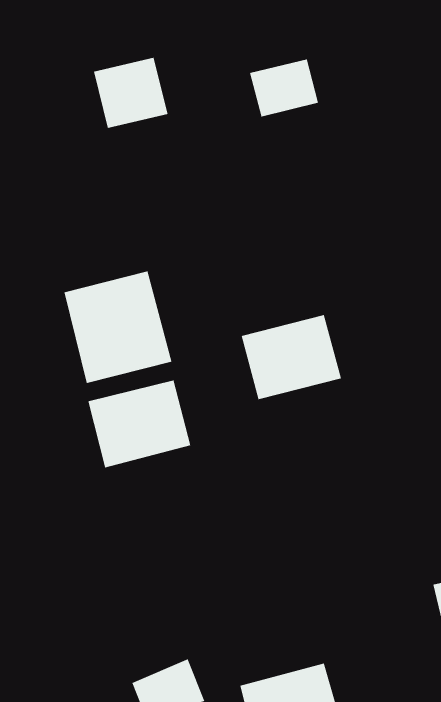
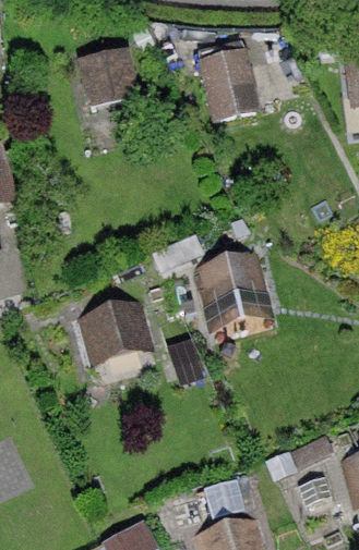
building: [64,271,172,384] -> none

